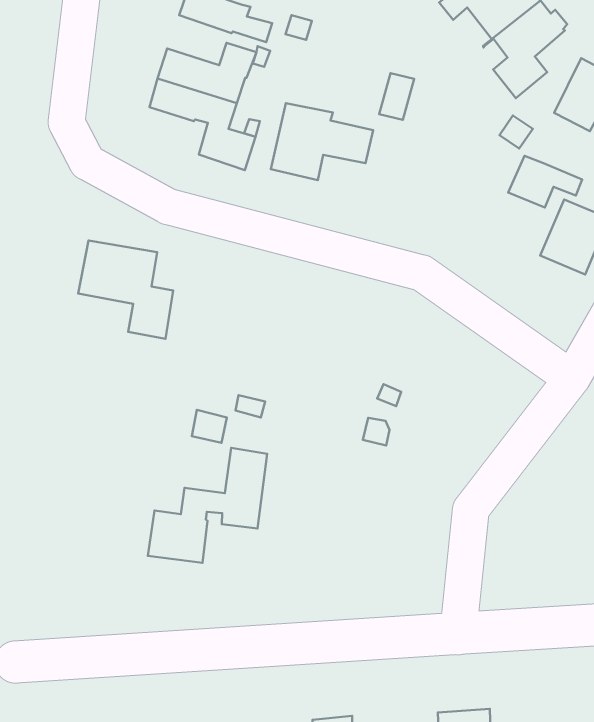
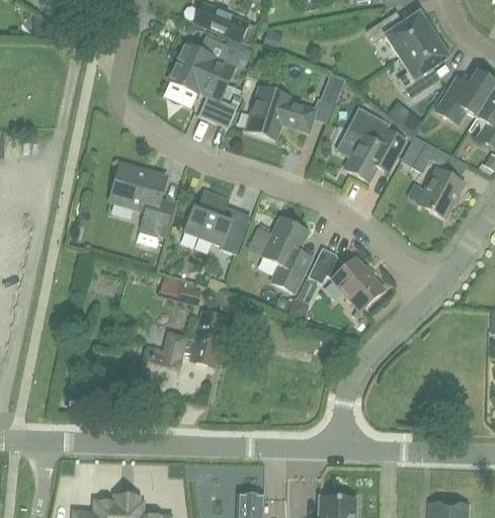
building: none -> [344,105,406,181]
building: none -> [183,189,249,254]
building: none -> [261,217,311,291]
building: none -> [308,247,383,310]

